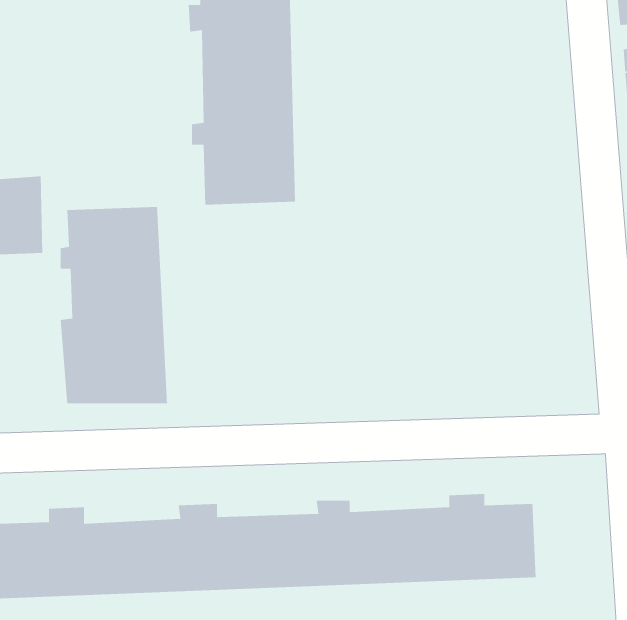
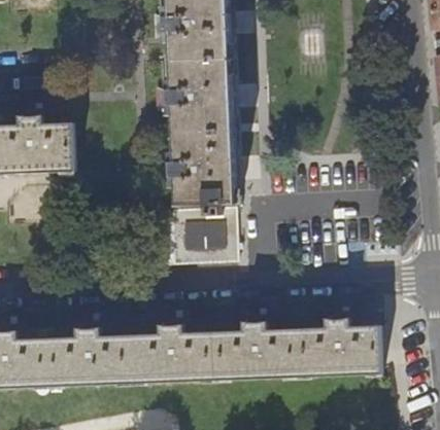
building: [60,206,168,404] -> [169,139,236,261]

